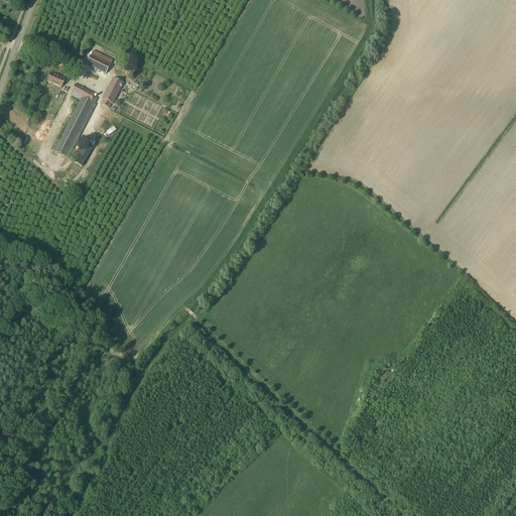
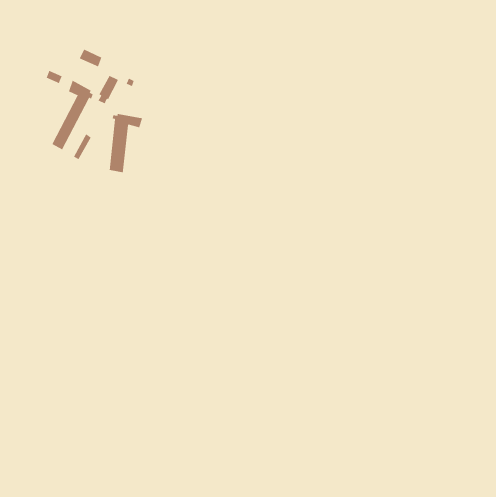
building: none -> [109,113,143,173]

